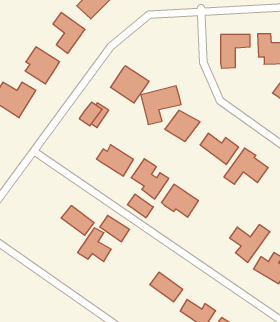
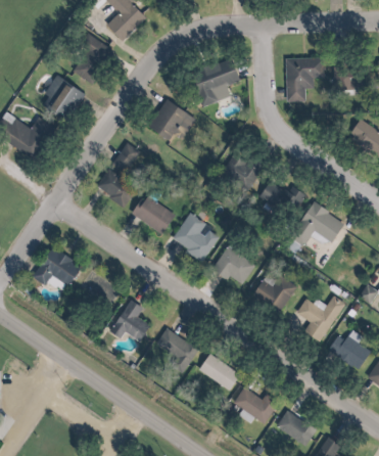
building: [141,86,181,124] -> [191,57,241,105]
building: none -> [97,168,138,208]
building: none -> [32,247,81,285]
building: [127,194,153,218] -> none
building: none -> [253,278,295,317]
building: [100,215,130,242] -> [156,328,193,361]

